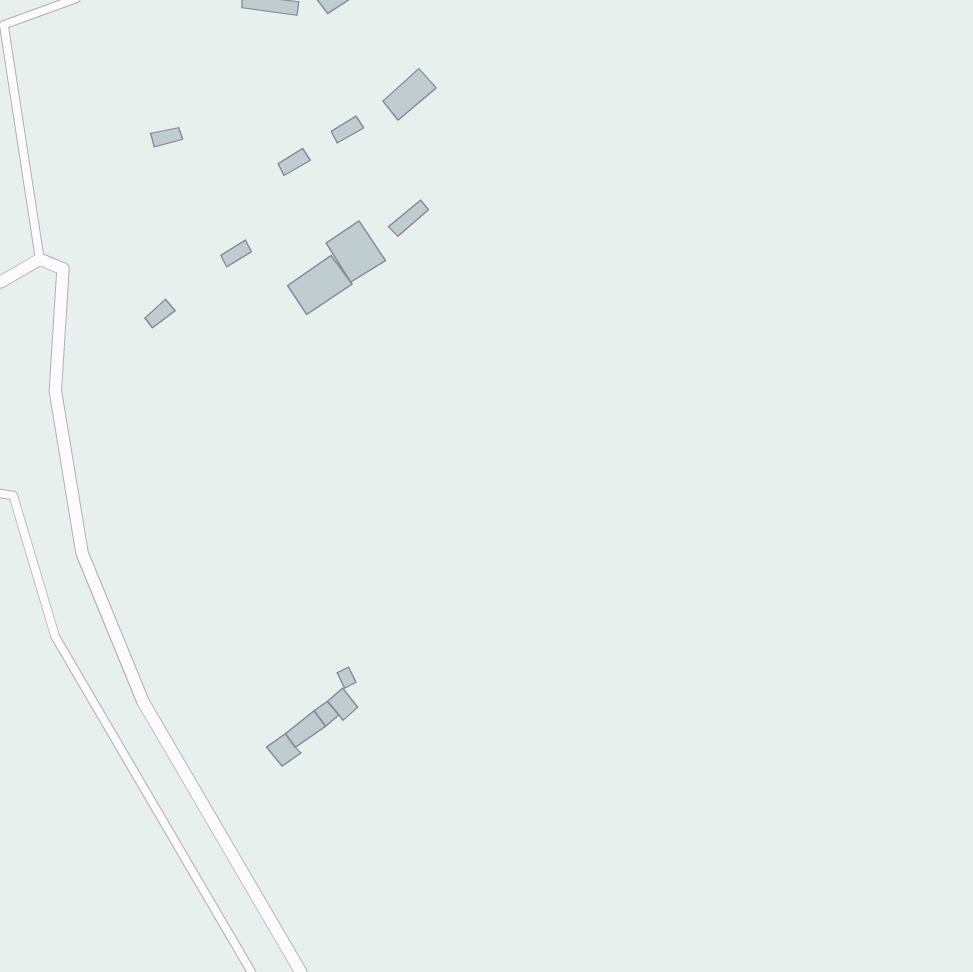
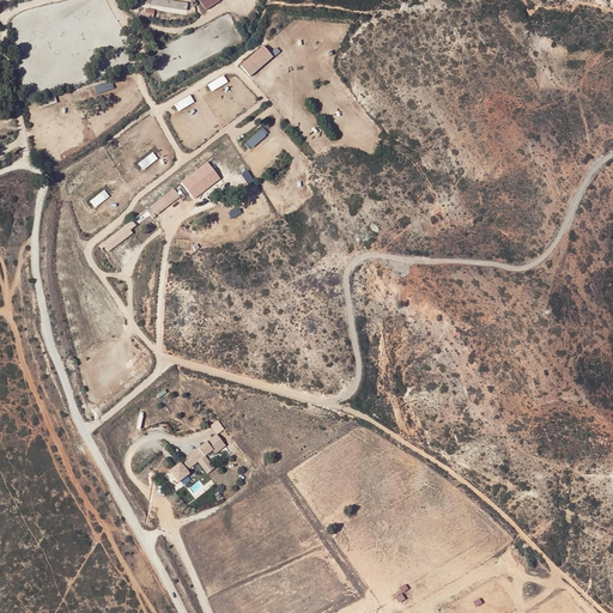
building: [326,221,385,282] -> none

